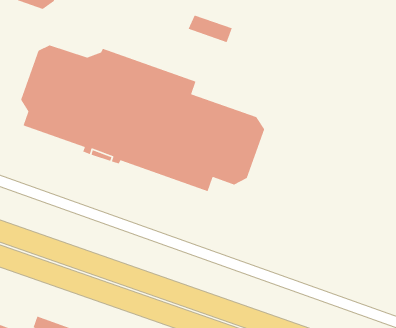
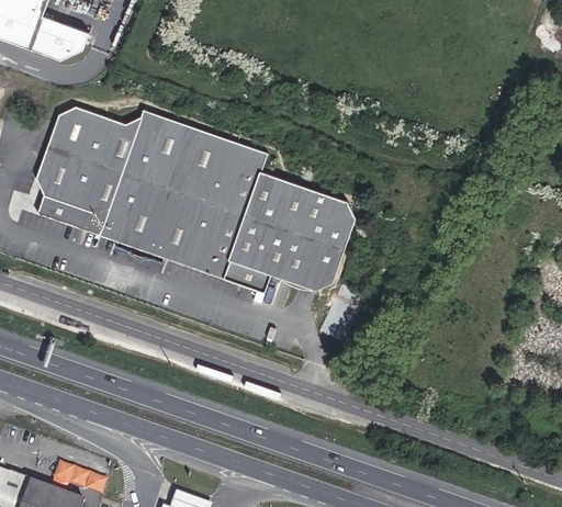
building: [188,14,233,43] -> none

